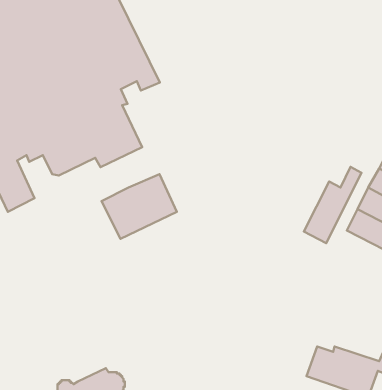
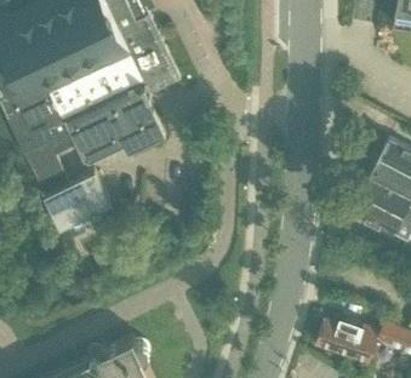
building: [304,167,362,243] -> none
building: [102,174,177,239] -> [45,171,113,229]

